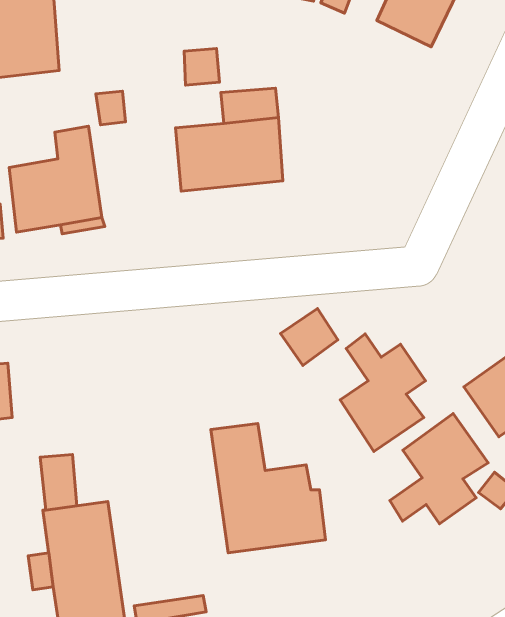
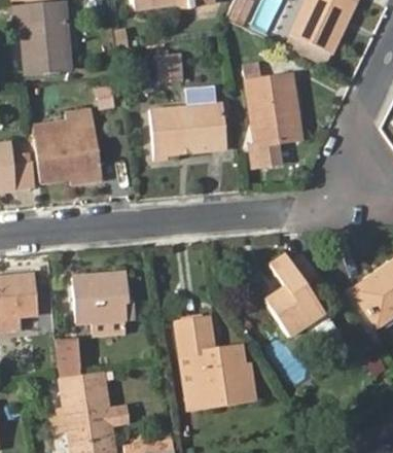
building: none -> [244,63,300,166]
building: [281,308,338,365] -> none
building: none -> [74,273,135,323]
building: [390,414,488,524] -> none

